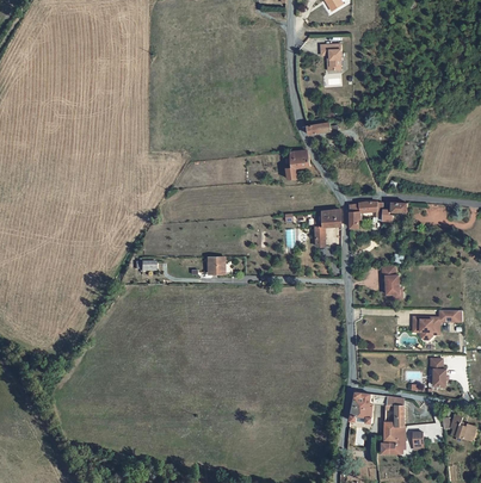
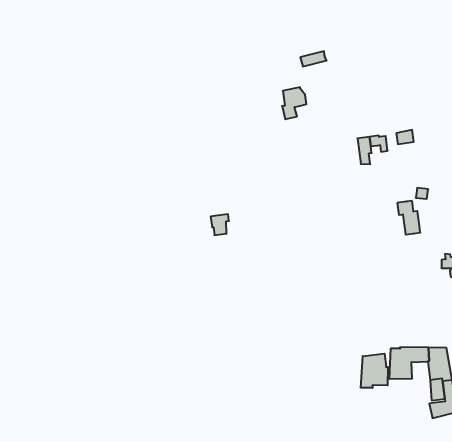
building: [317,211,341,249] -> none
building: none -> [361,354,388,388]

